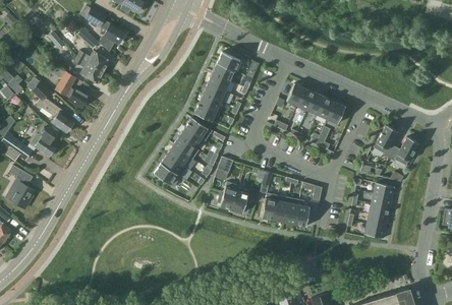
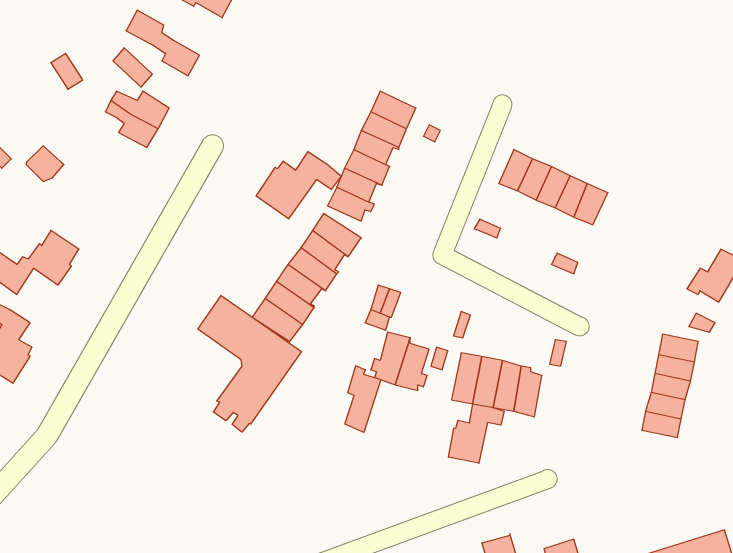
building: [54,70,88,107] -> none
building: none -> [256,151,341,219]
building: [37,98,73,131] -> none
building: [373,124,397,158] -> none
building: none -> [198,295,301,432]
building: none -> [345,366,381,432]
building: none -> [449,404,504,463]

